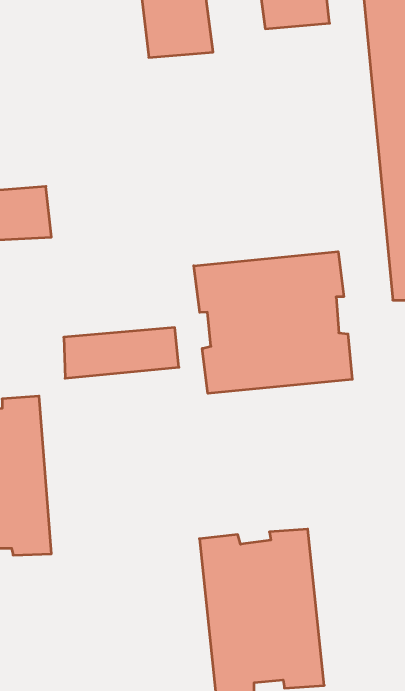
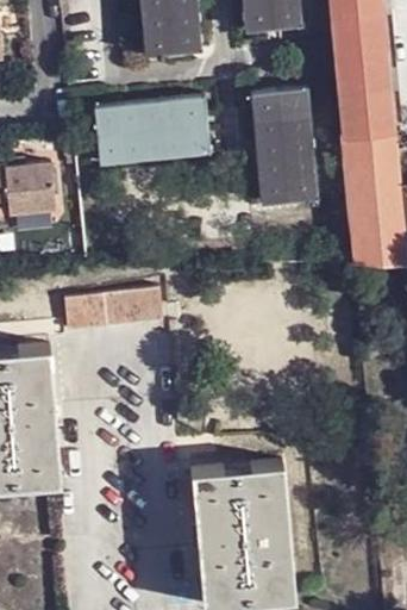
building: none -> [251,86,319,200]
building: none -> [96,94,209,162]
building: [194,252,352,393] -> none

